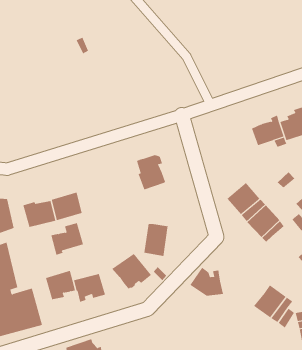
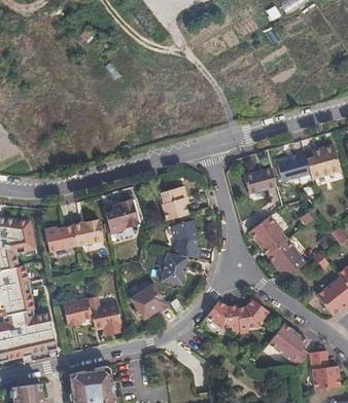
building: none -> [244,168,277,195]
building: none -> [171,220,200,258]
building: [50,222,84,255] -> [105,200,138,232]
building: none -> [237,297,271,328]

